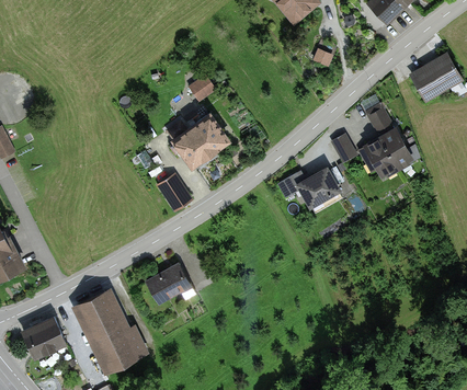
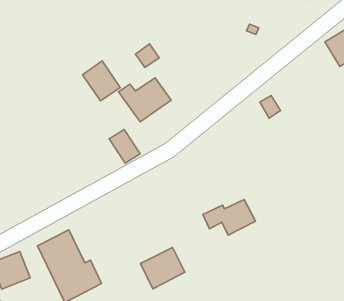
building: none -> [82,61,120,101]
building: [361,106,412,176] -> none
building: [278,167,340,208] -> [203,200,256,235]
building: [140,262,192,310] -> [141,248,185,289]

